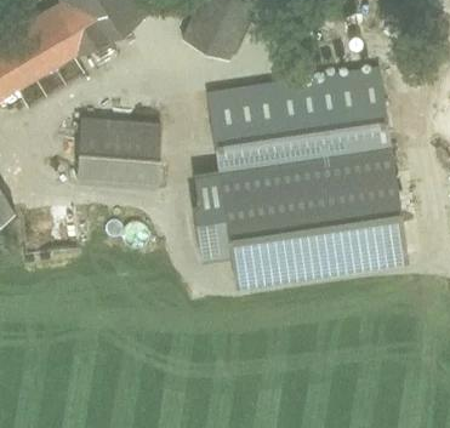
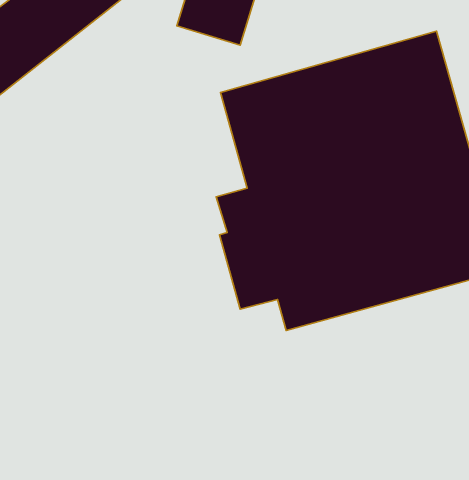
building: [76,120,160,189] -> none

